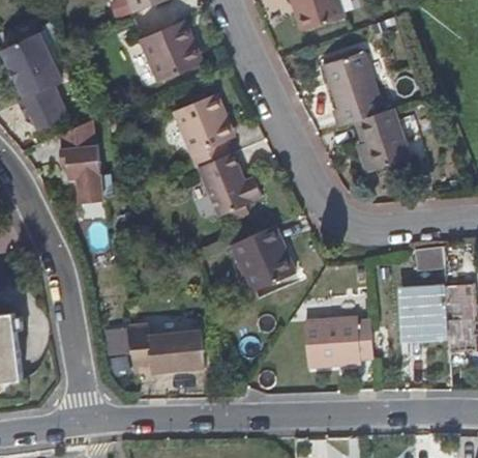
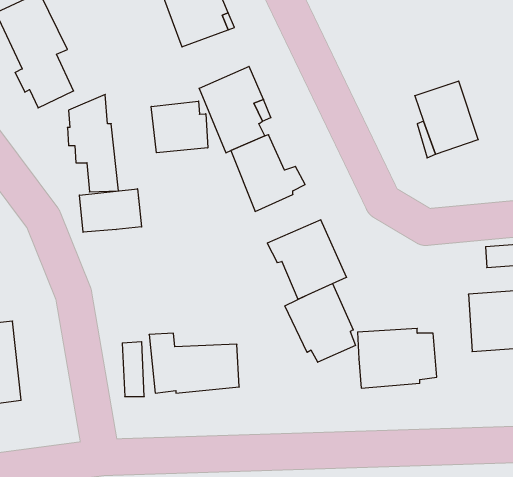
building: [321,51,383,125] -> none
building: none -> [151,101,208,153]
building: none -> [79,189,142,232]
building: none -> [285,284,355,362]

